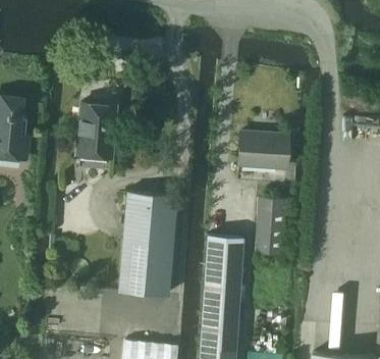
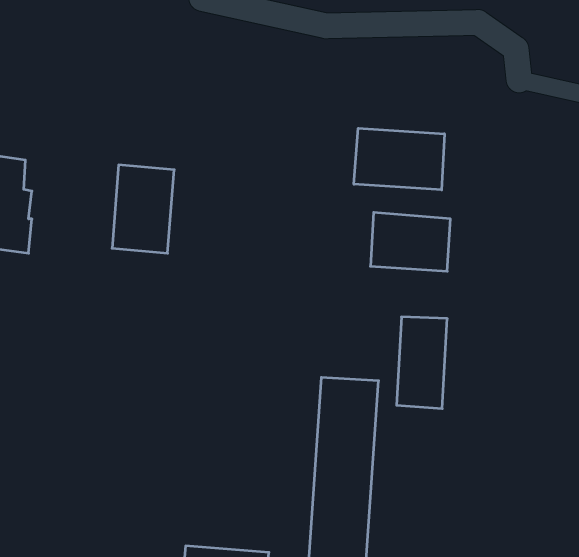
building: none -> [354,128,444,190]
building: [117,194,175,298] -> none

